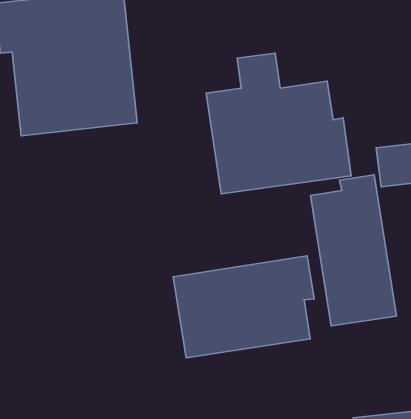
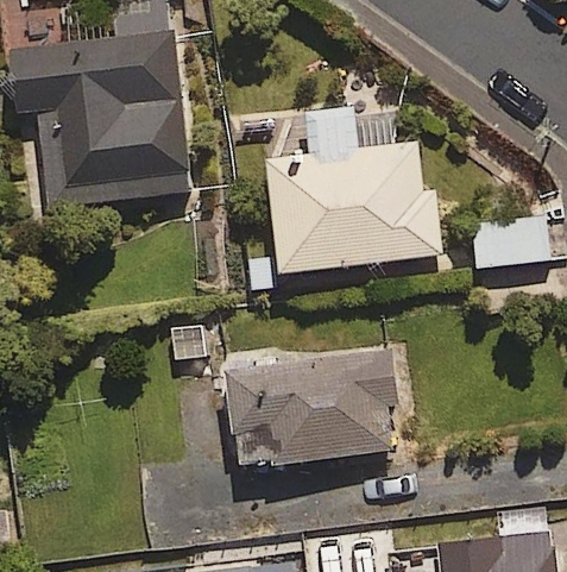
building: [310,175,396,326] -> none

